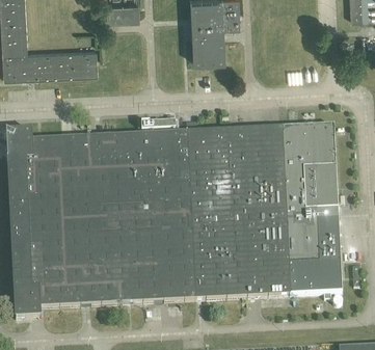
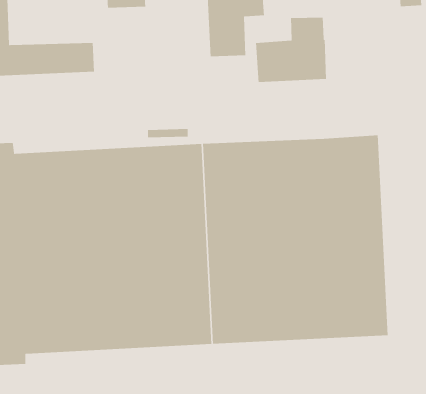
building: none -> [255,17,327,83]

